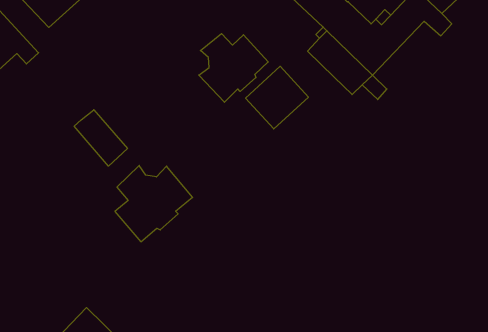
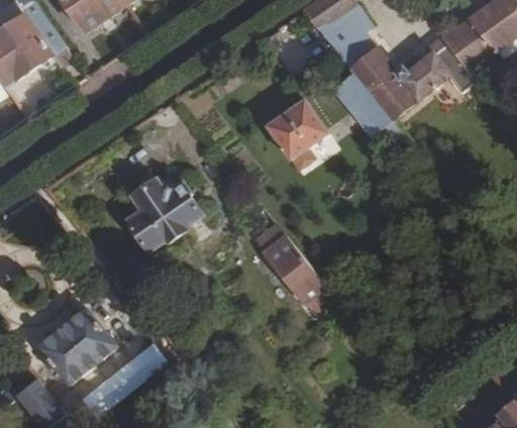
building: [199,34,268,102] -> none
building: [74,110,127,166] -> none
building: none -> [254,224,334,314]

